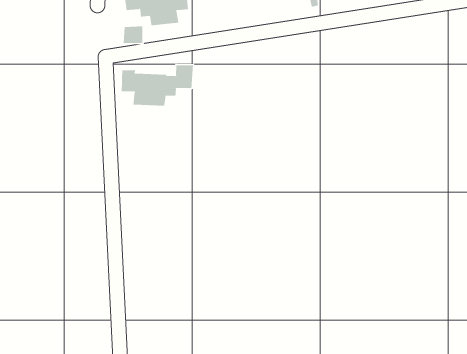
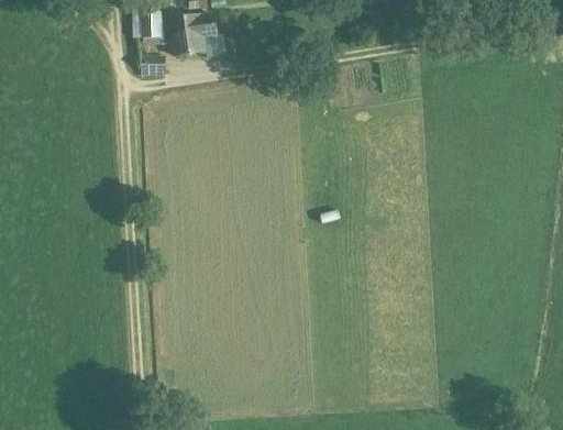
building: [121,64,193,106] -> none

